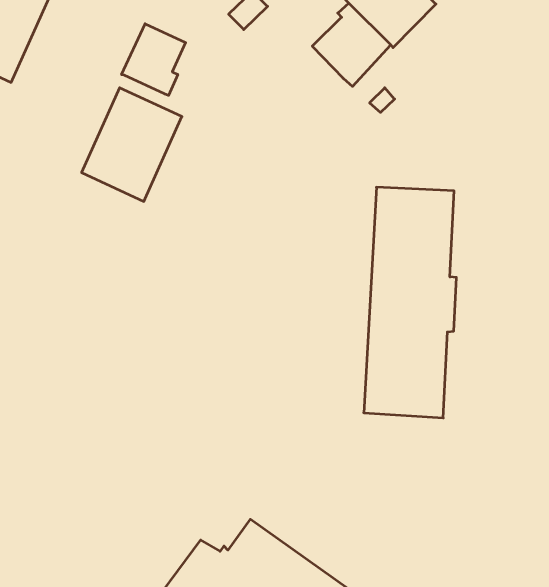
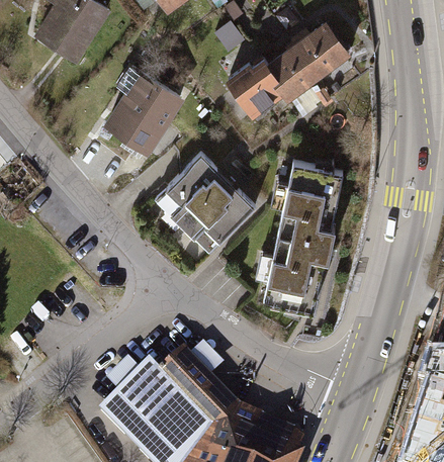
building: [122,24,186,95] -> none
building: none -> [228,61,283,113]
building: none -> [154,154,255,254]

